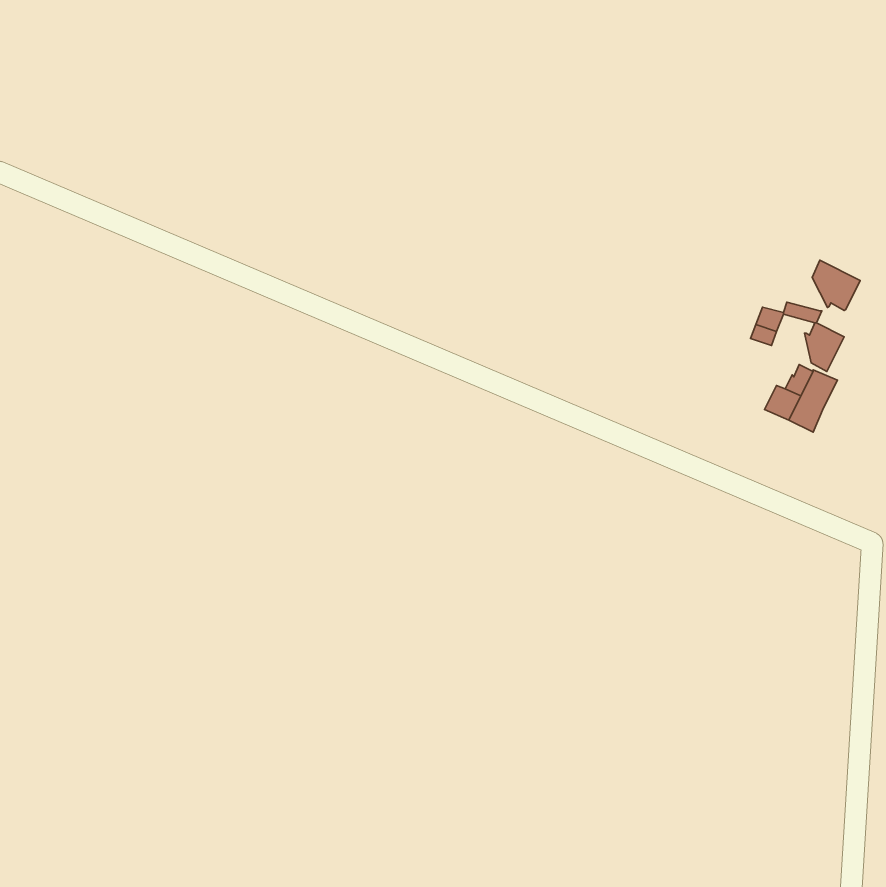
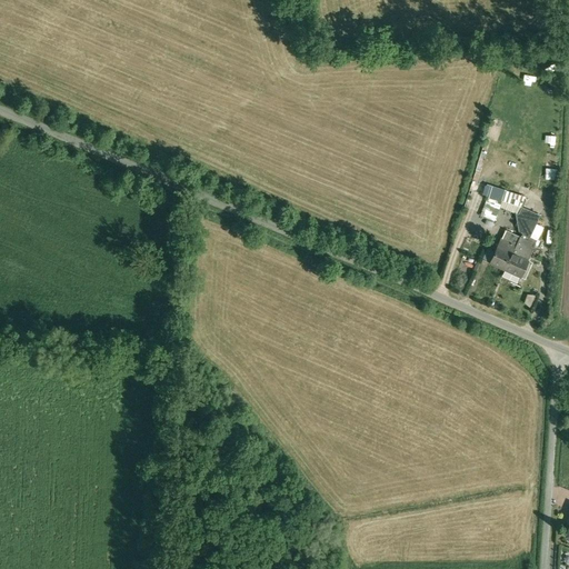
building: [812,260,860,311] -> none

